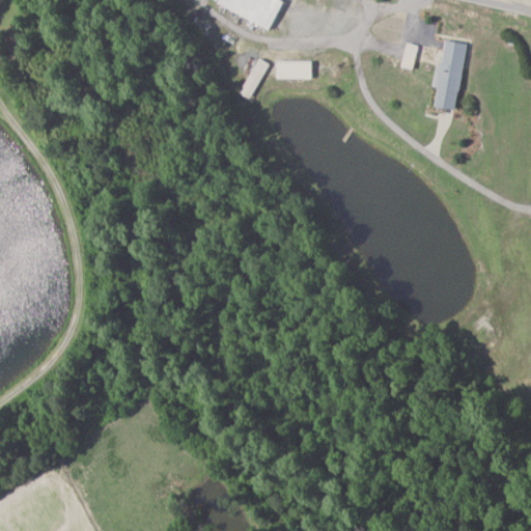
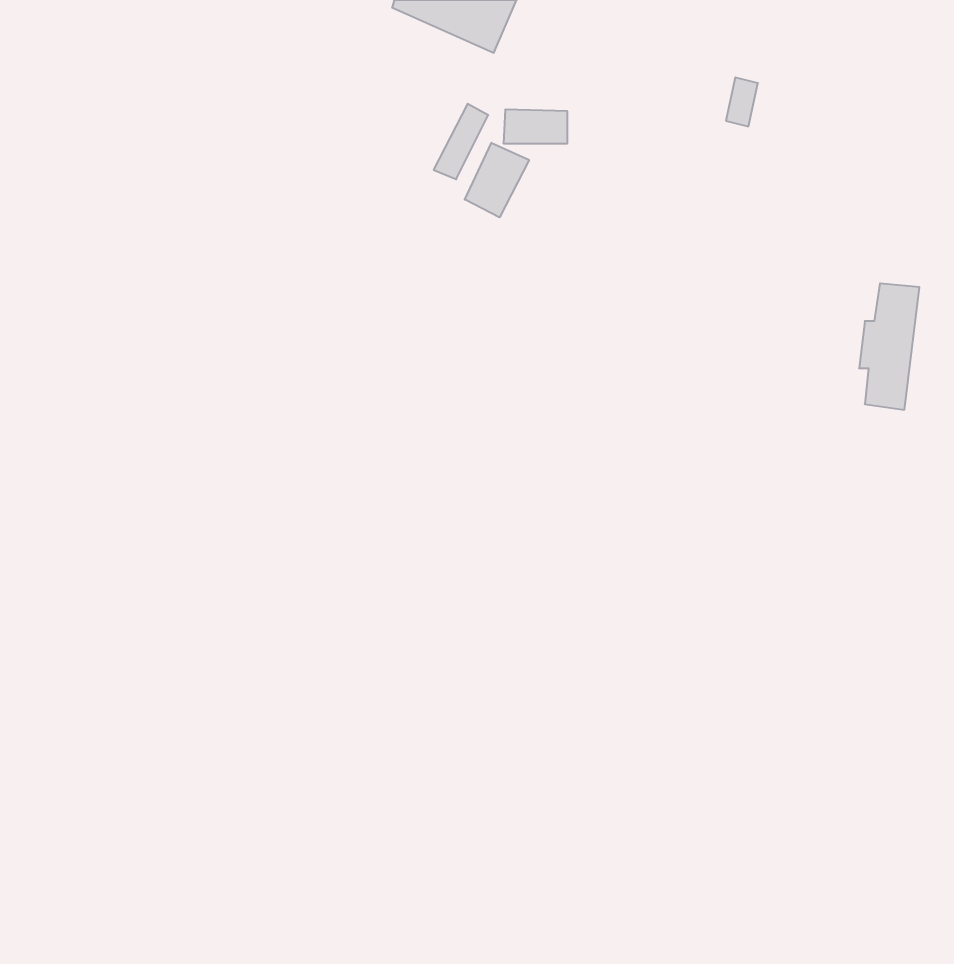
building: [431,40,465,110] -> [859,283,919,410]
building: none -> [465,143,529,217]

